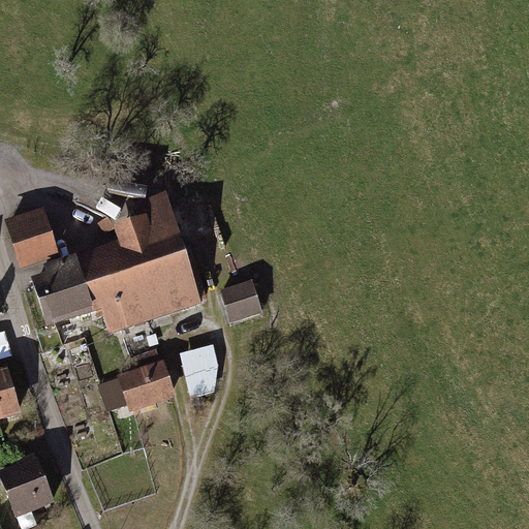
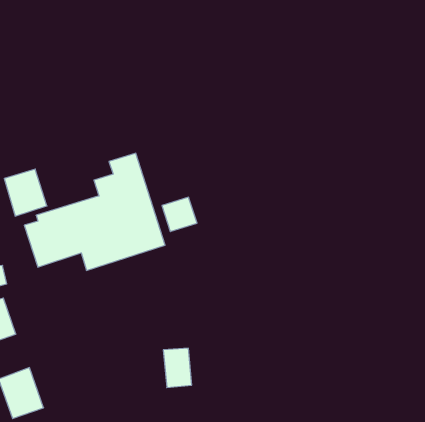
building: [217,280,260,322] -> [162,197,197,232]
building: [181,341,216,390] -> [163,348,192,388]
building: [112,347,176,412] -> none

